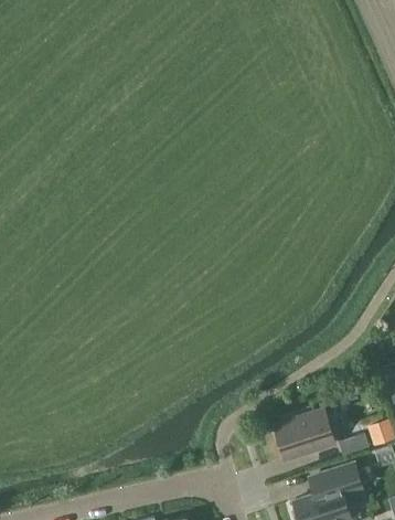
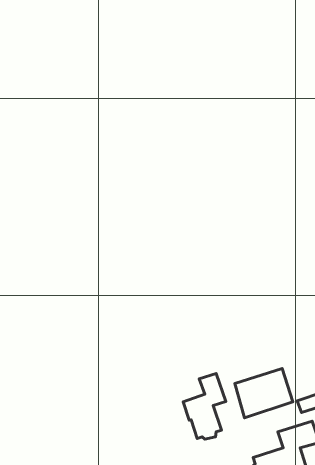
building: none -> [183,373,226,439]

